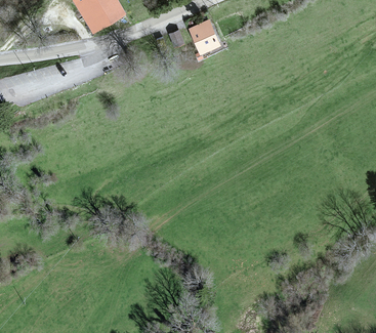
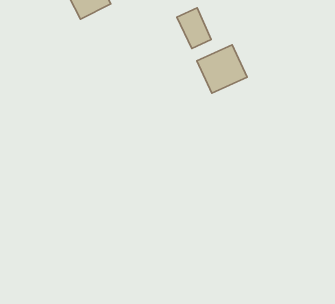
building: none -> [197,45,247,93]

